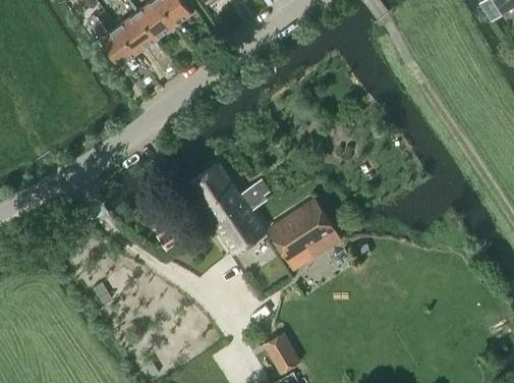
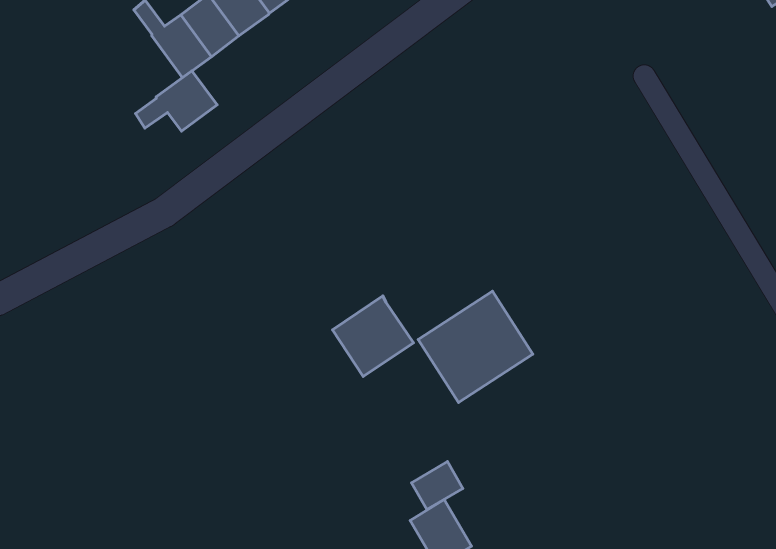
building: none -> [135,71,217,131]
building: [187,162,269,223] -> none
building: none -> [412,462,463,510]

